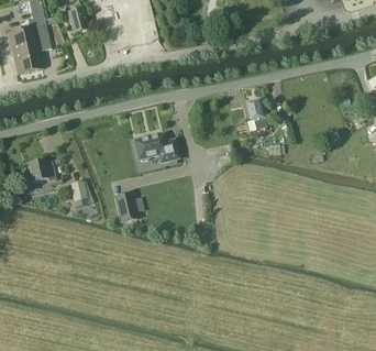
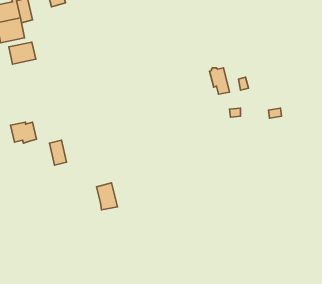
building: none -> [9,42,36,64]
building: [133,132,179,162] -> none
building: [114,191,137,221] -> [97,183,118,210]

